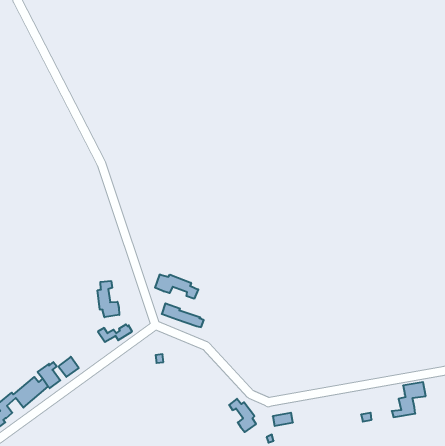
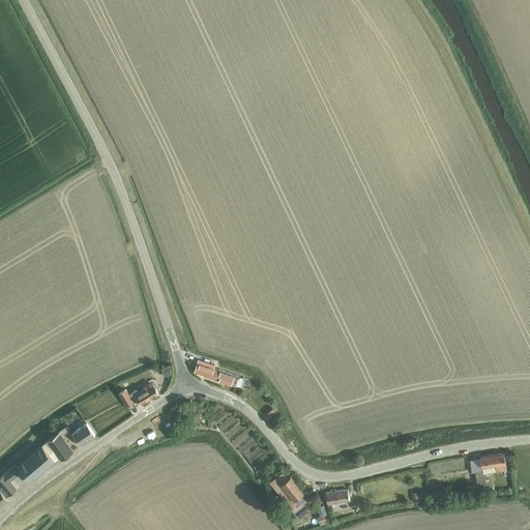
building: [155,274,198,299] -> none
building: [98,281,119,317] -> none

